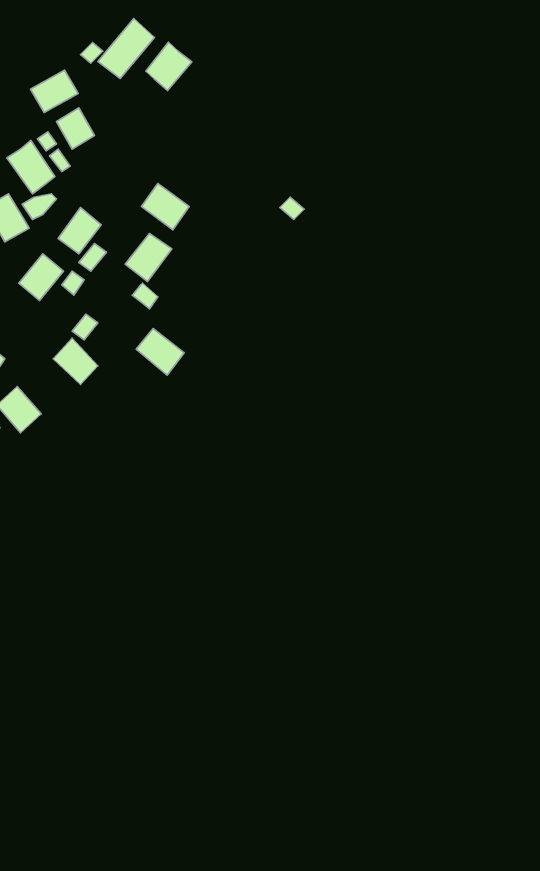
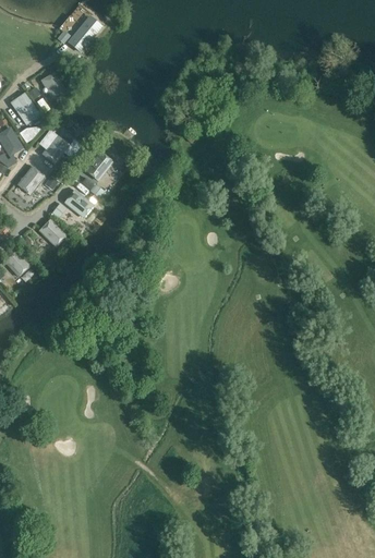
building: [146,42,192,91] -> none
building: [30,70,78,113] -> none
building: [141,183,189,230] -> none
building: [136,329,184,375] -> [63,189,94,218]

